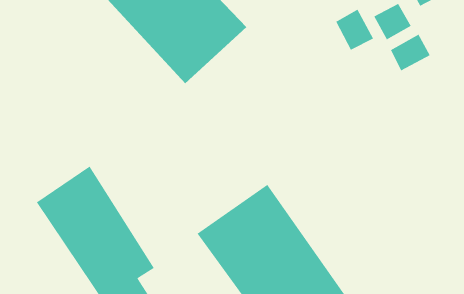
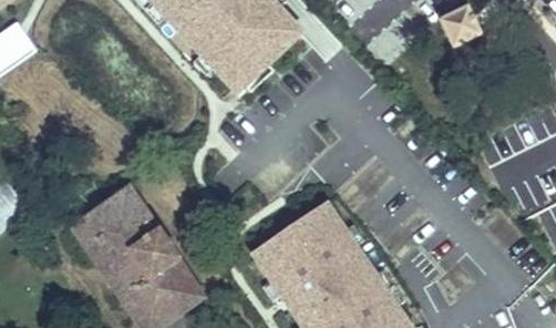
building: [335,8,374,51] -> none
building: [390,33,431,71] -> none

